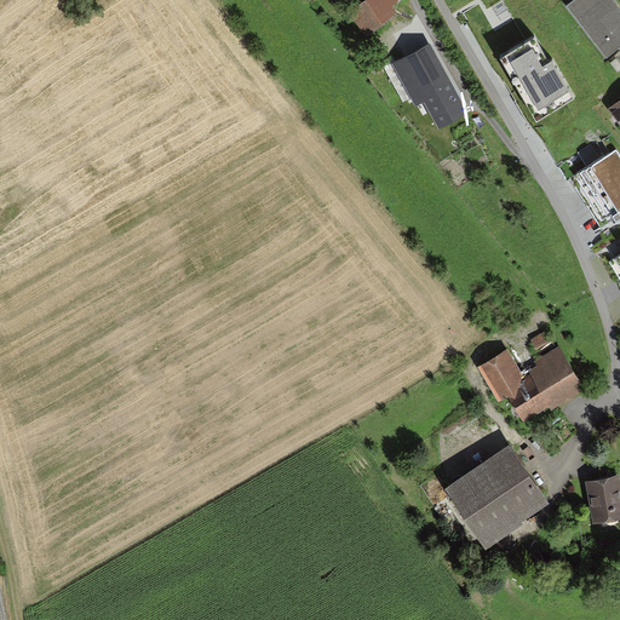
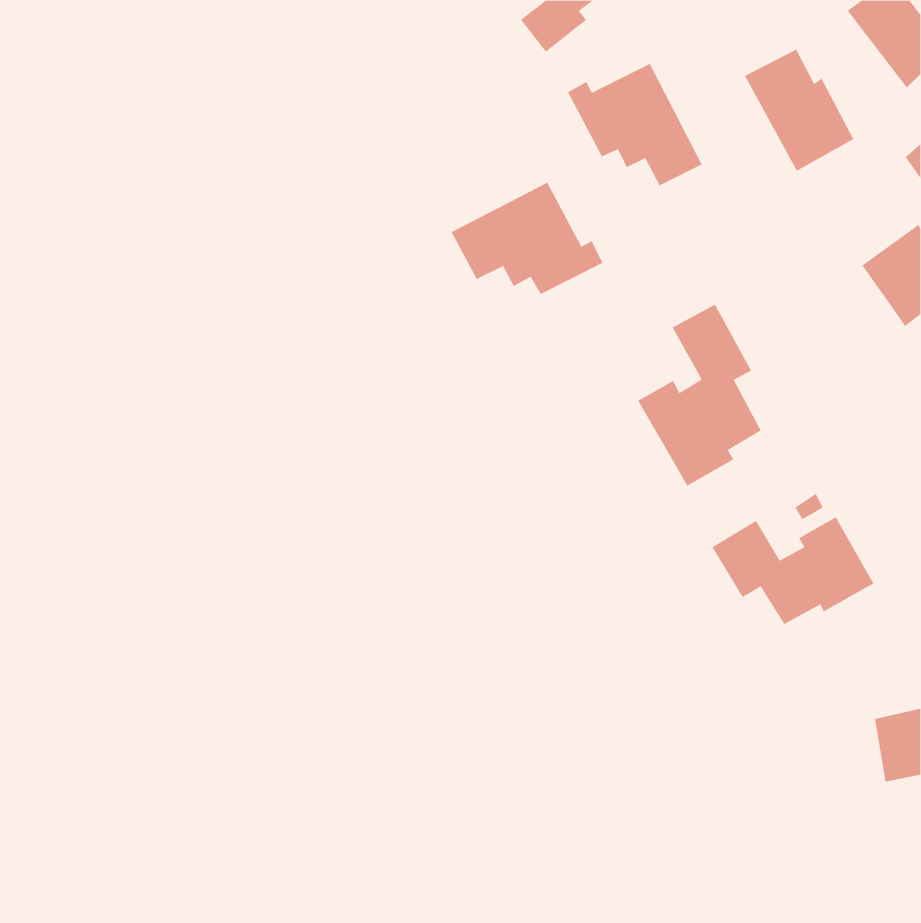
building: none -> [451,182,603,295]
building: none -> [638,304,762,486]
building: [446,447,546,549] -> none

